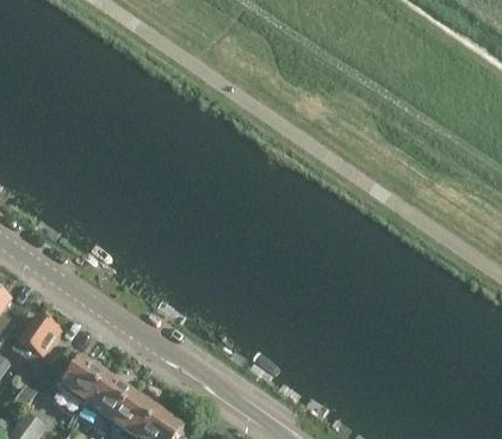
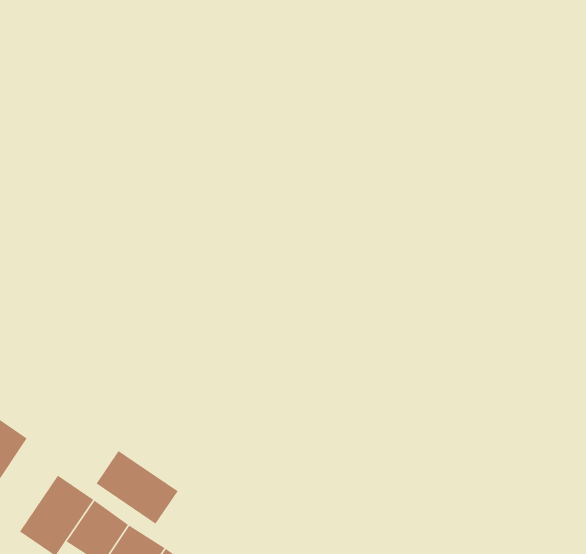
building: none -> [96,450,178,524]

